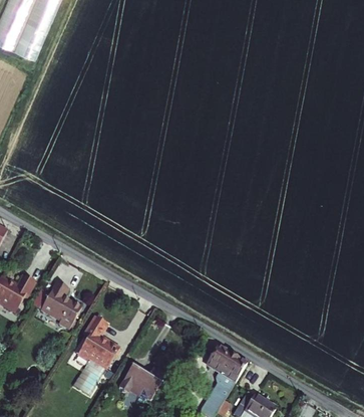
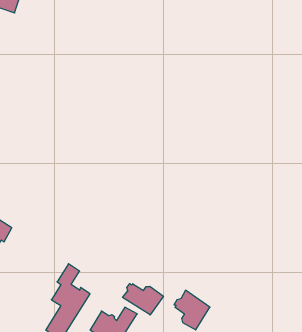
building: [39,282,79,330] -> none
building: none -> [123,284,163,315]

